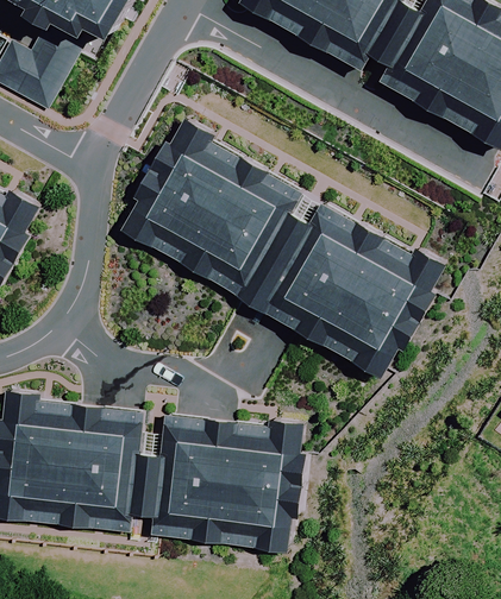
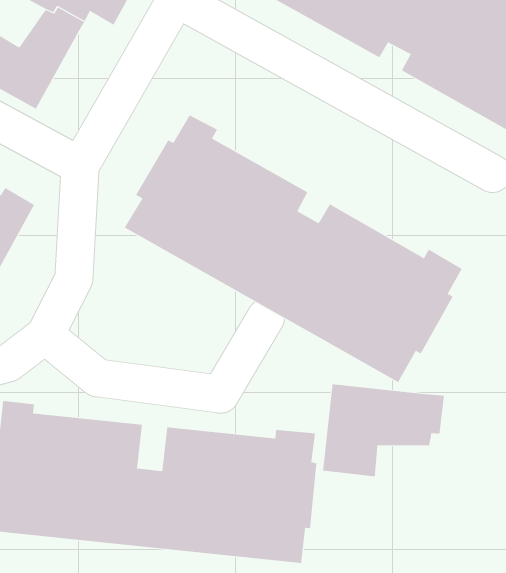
building: none -> [323,384,444,477]

